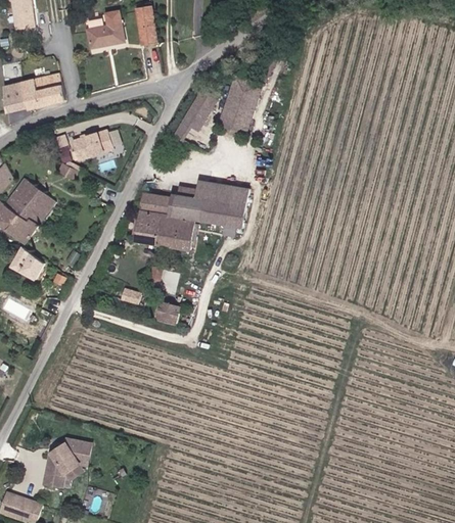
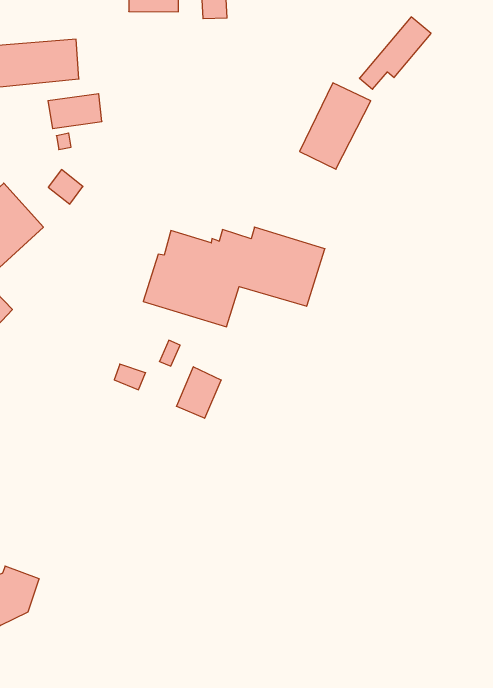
building: [176,88,220,141] -> [359,17,431,89]
building: [73,130,111,158] -> [48,94,102,129]

